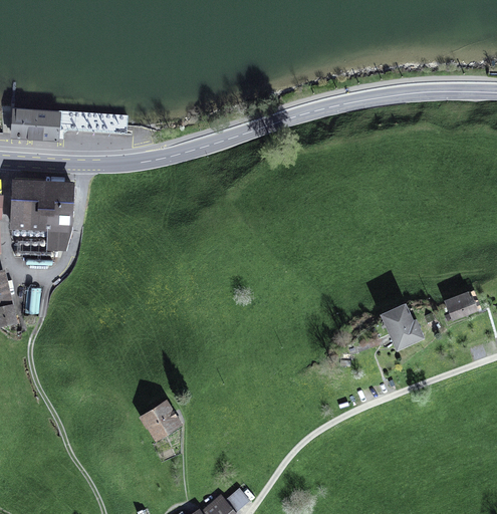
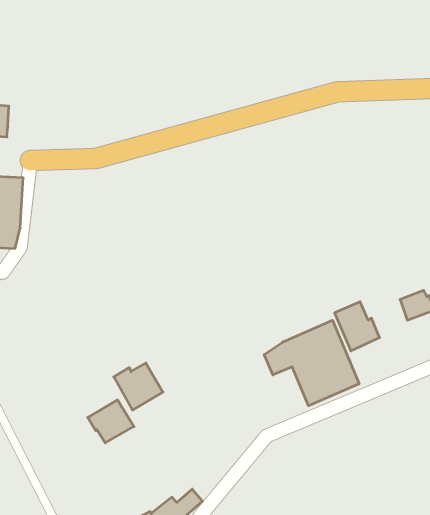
building: none -> [264,320,359,406]
building: none -> [114,363,163,410]

